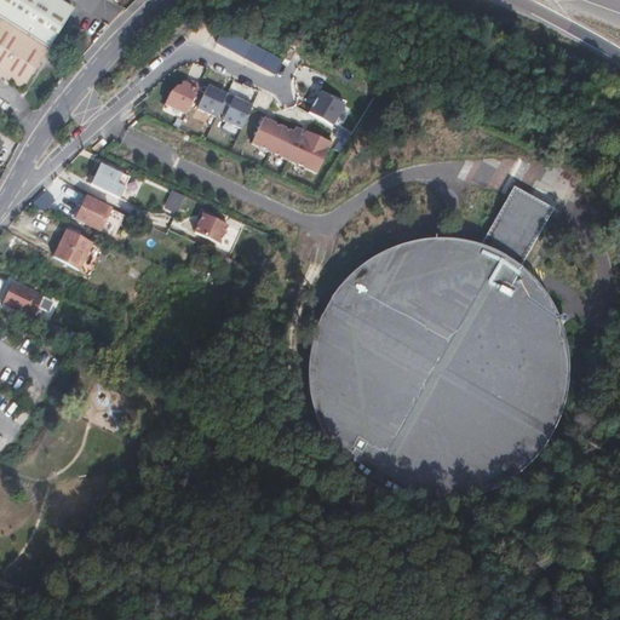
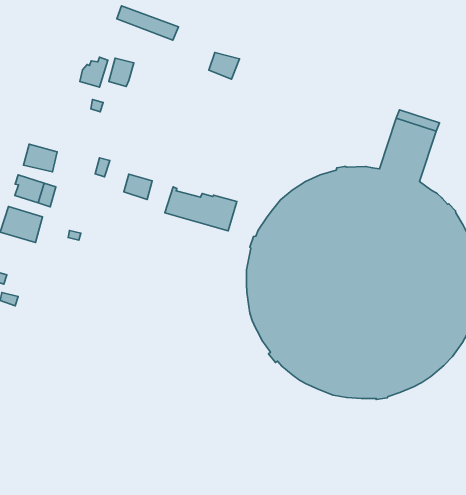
building: [219,91,252,127] -> none
building: [251,115,331,172] -> [165,187,237,231]

